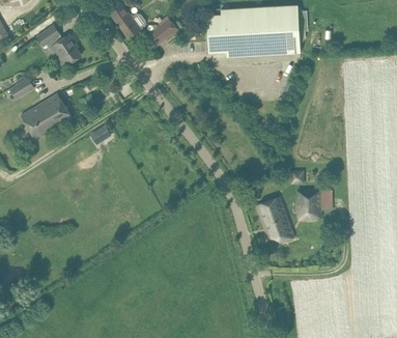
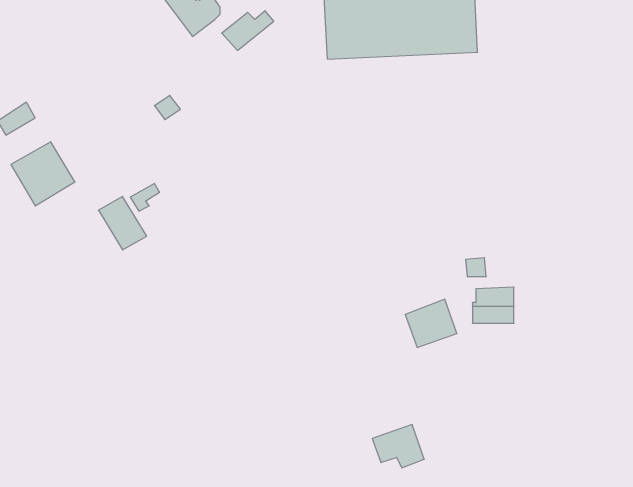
building: [37,25,81,65] -> none
building: [44,93,73,125] -> [98,196,147,250]
building: [263,217,294,243] -> [372,425,424,468]

